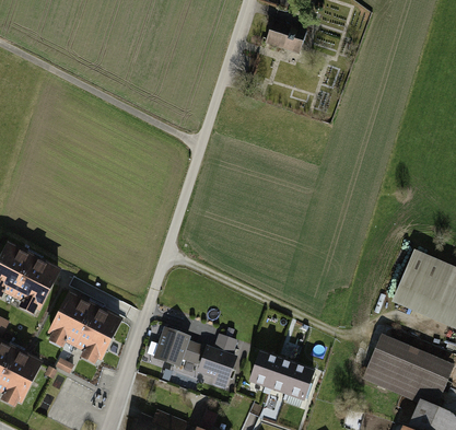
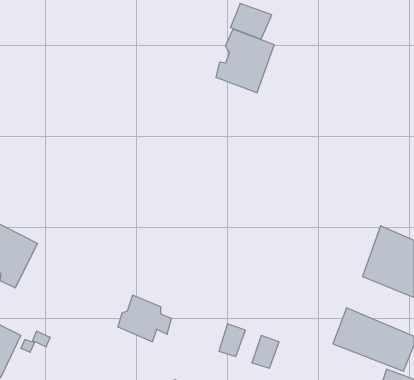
building: none -> [216,29,274,93]
building: [47,292,121,364] -> none
building: [196,335,238,386] -> none
building: [266,358,292,392] -> none

